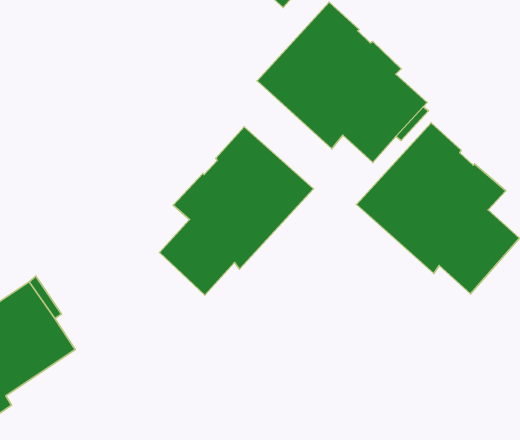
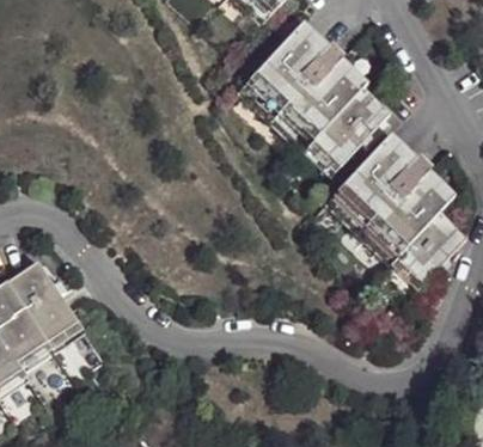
building: [160,127,313,295] -> none

